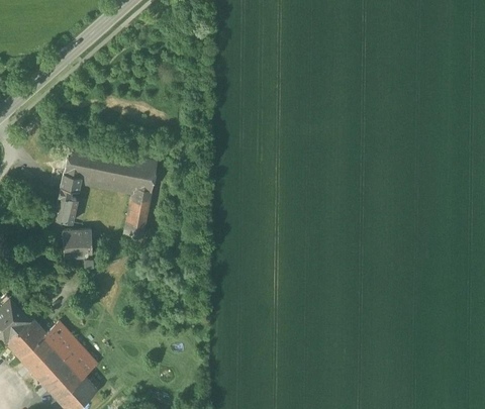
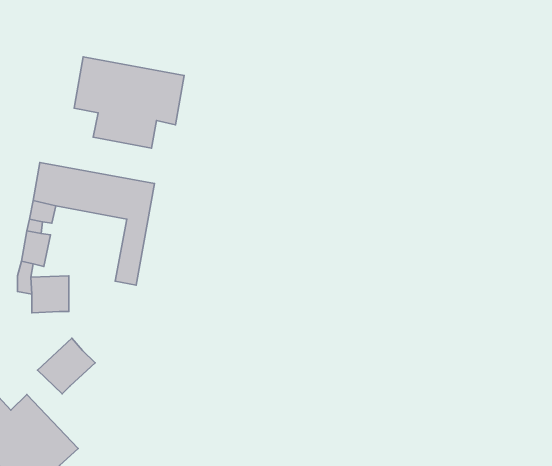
building: none -> [74,57,184,148]
building: none -> [38,338,95,394]

